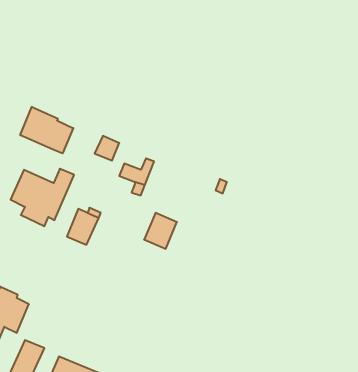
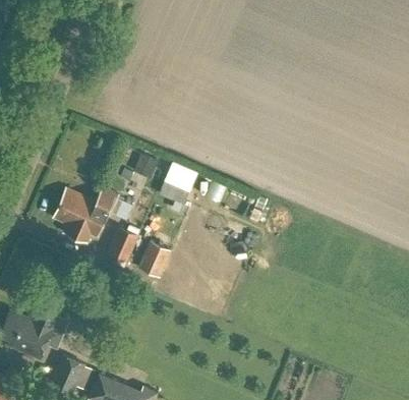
building: [20,107,73,153] -> none
building: [144,213,177,249] -> [139,241,172,277]

